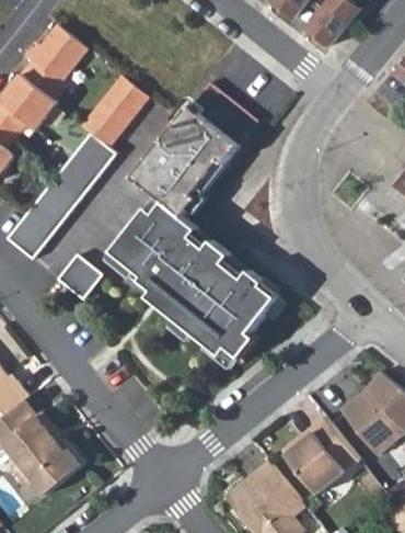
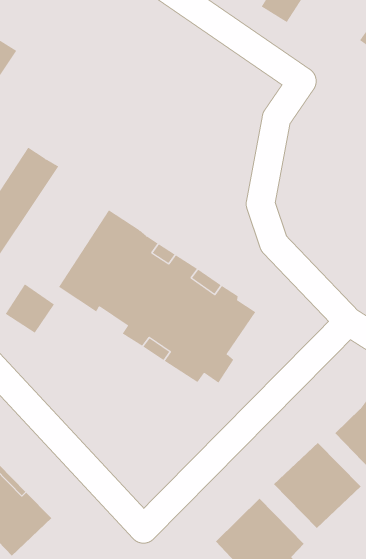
building: [81,77,146,147] -> none
building: [134,83,257,217] -> none

